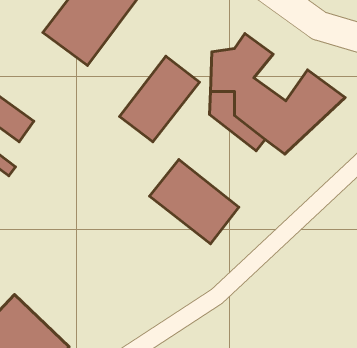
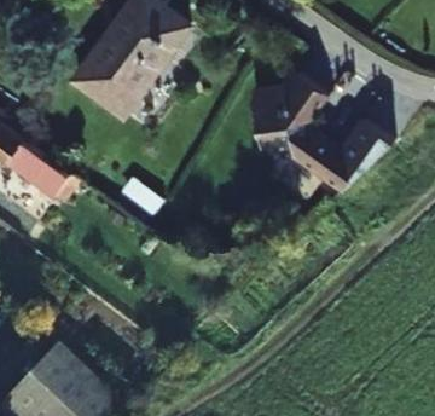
building: [120,56,199,142] -> none
building: [150,159,239,244] -> none

